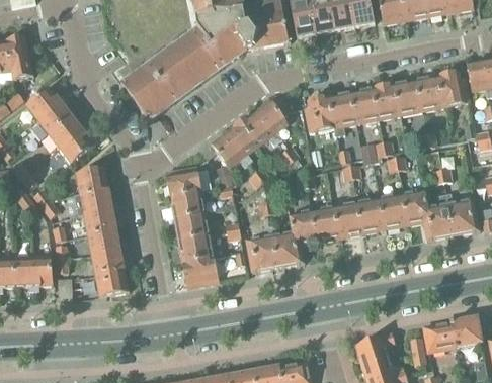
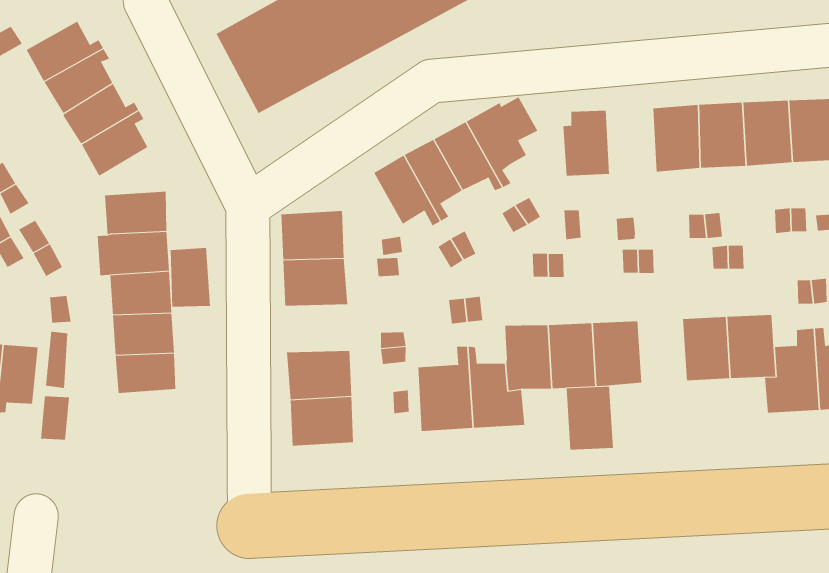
building: [324,93,353,136] -> none
building: none -> [170,247,211,308]
building: [354,198,383,233] -> [566,386,614,450]
building: [173,213,210,242] -> none
building: [94,268,129,297] -> none

